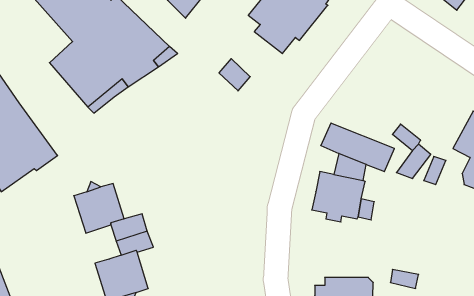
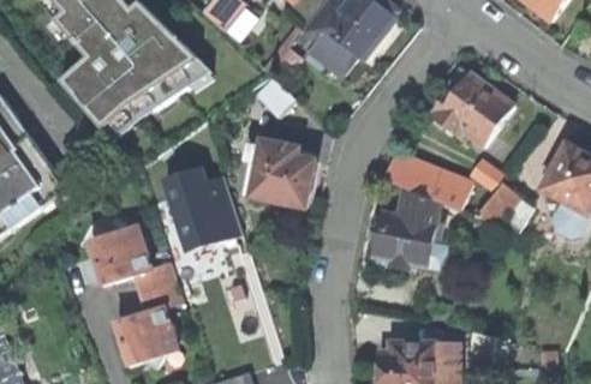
building: none -> [430,71,513,146]
building: none -> [251,140,315,208]
building: none -> [165,168,241,251]

